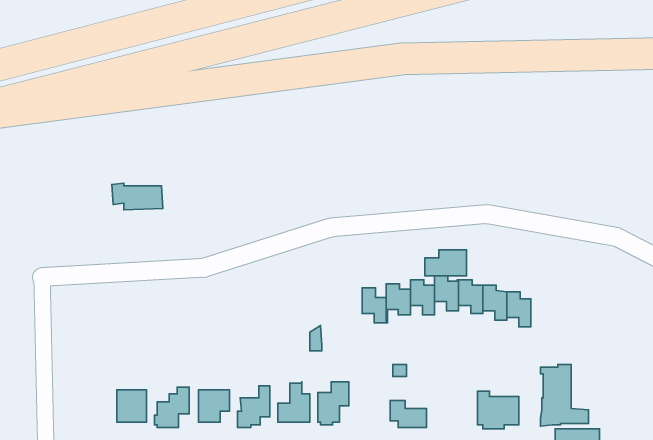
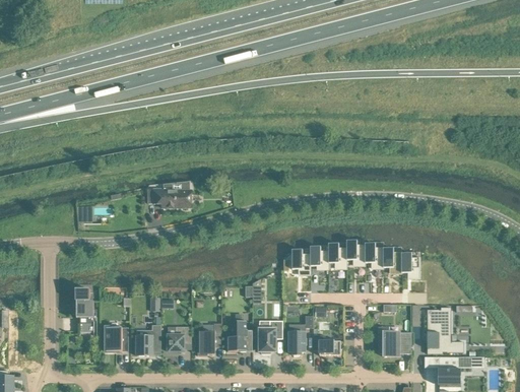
building: [112,183,163,210] -> [152,187,191,207]
building: [425,250,466,276] -> none
building: none -> [62,288,96,334]
building: none -> [288,331,306,354]

